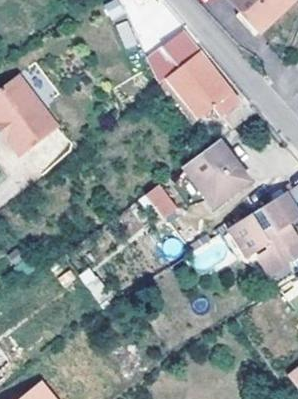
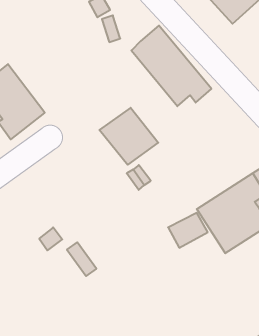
building: [185,141,249,203] -> [99,108,158,165]

